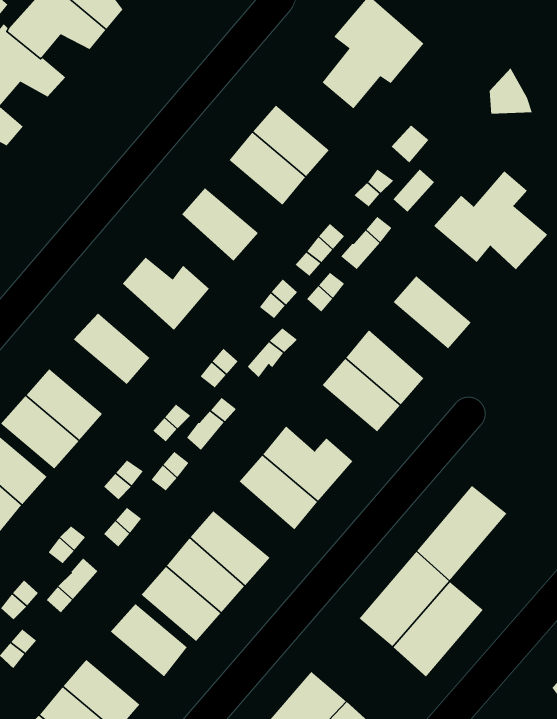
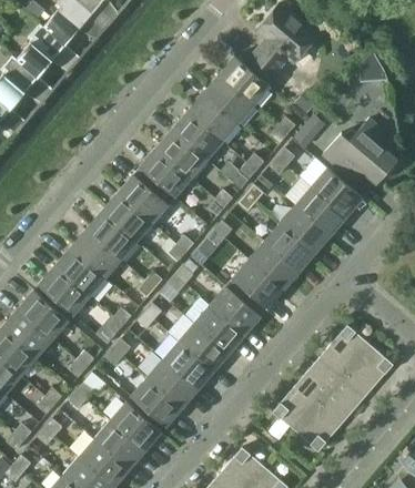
building: none -> [219,57,271,105]
building: none -> [172,112,223,160]
building: none -> [133,148,191,196]
building: none -> [311,167,364,218]
building: none -> [102,193,152,242]
building: none -> [280,205,332,255]
building: none -> [70,230,121,278]
building: none -> [225,260,285,309]
building: none -> [178,323,231,373]
building: none -> [333,344,393,407]
building: none -> [94,421,145,469]

